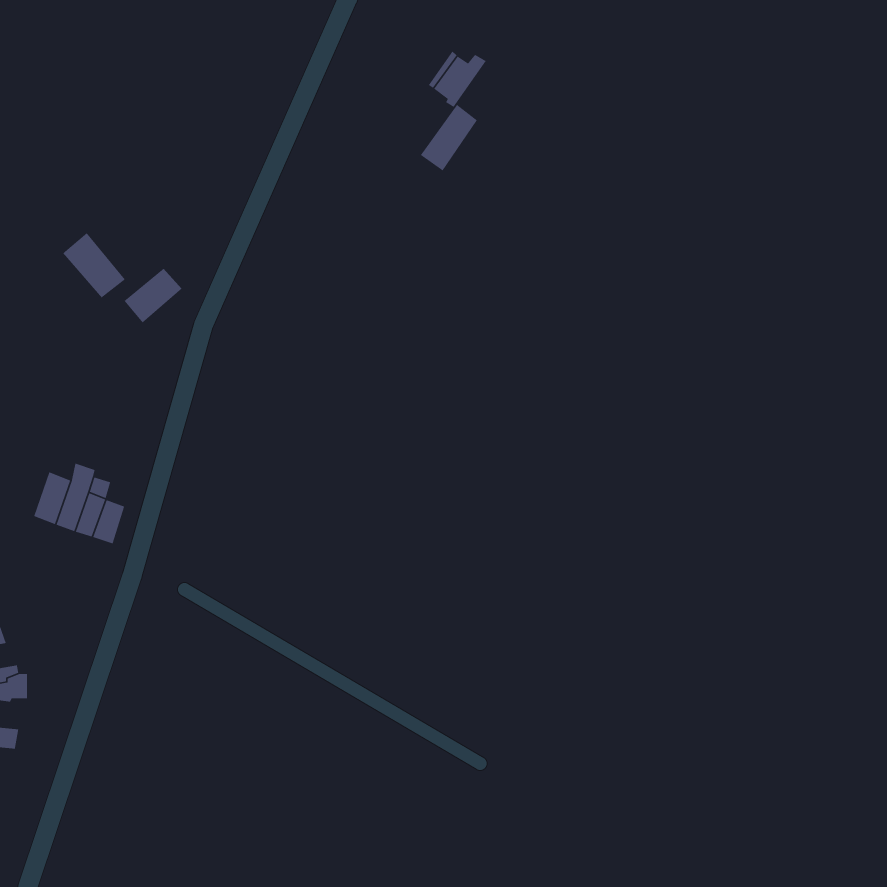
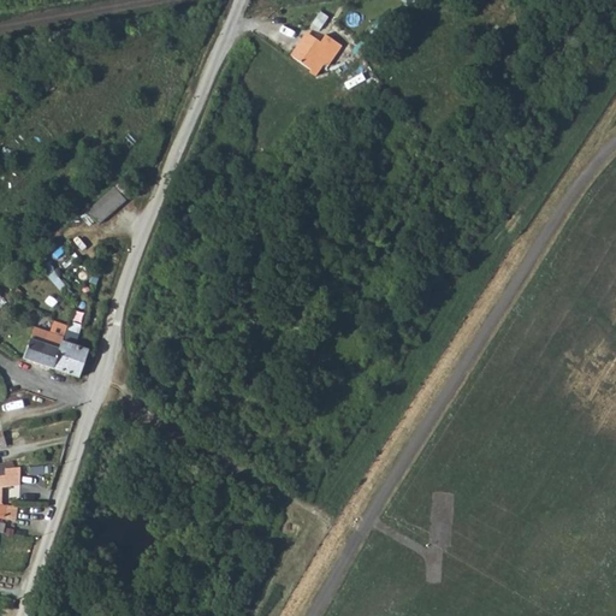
building: [420,104,478,171] -> none
building: [62,232,126,299] -> none

